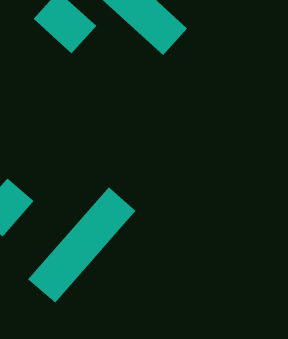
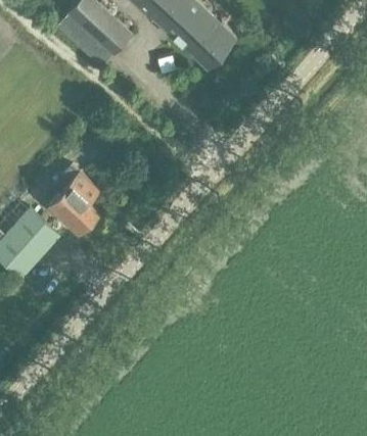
building: none -> [49,174,100,234]
building: [27,187,136,304] -> none

